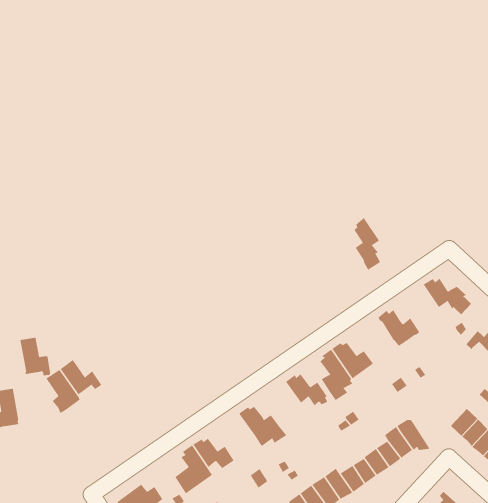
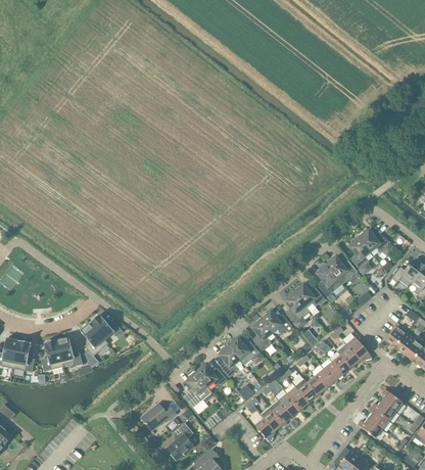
building: [354,217,381,271] -> [349,236,372,276]
building: none -> [317,264,342,302]
building: [20,337,51,376] -> [56,337,82,366]
building: none -> [251,318,273,350]
building: none -> [219,344,240,378]

